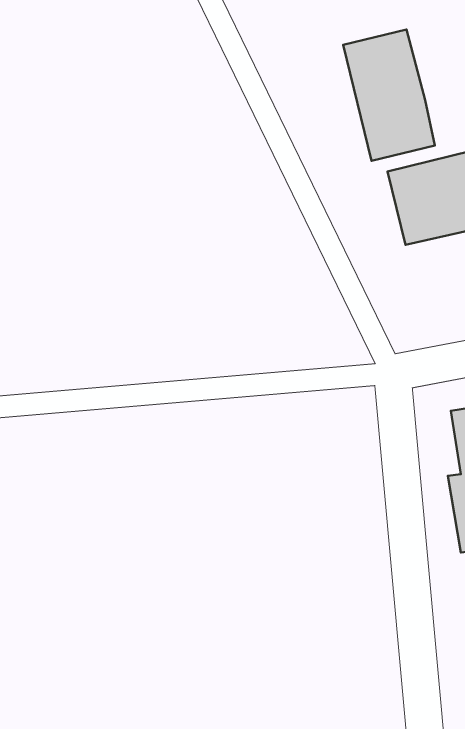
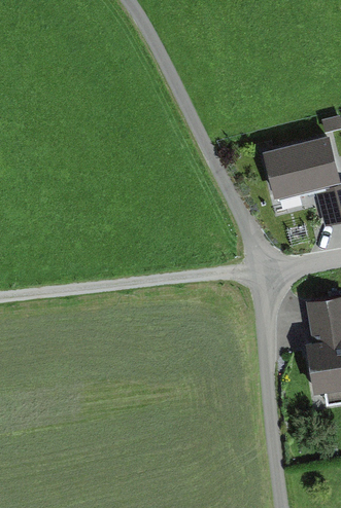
building: [343,29,435,161] -> none

